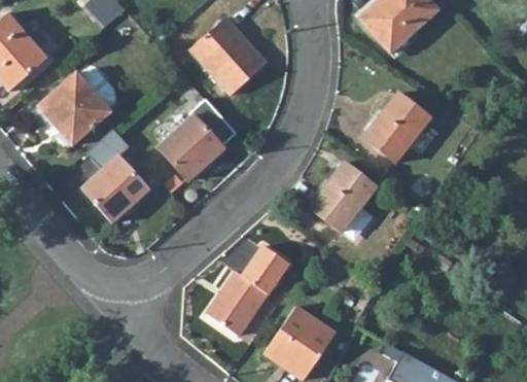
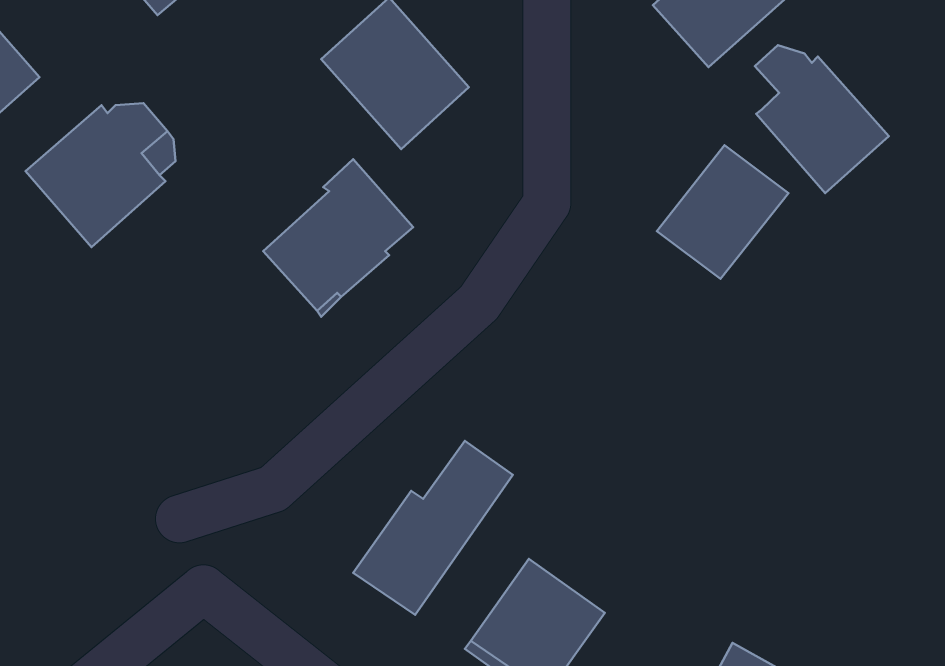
building: none -> [755,45,889,193]
building: [83,128,149,221] -> none
building: [310,162,378,232] -> none

